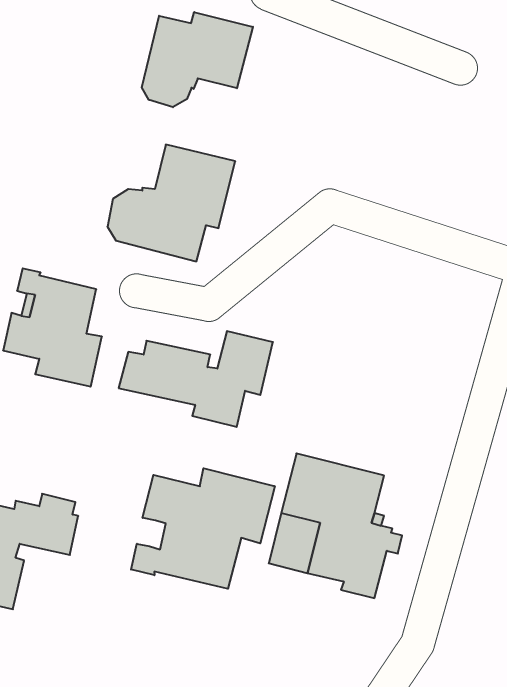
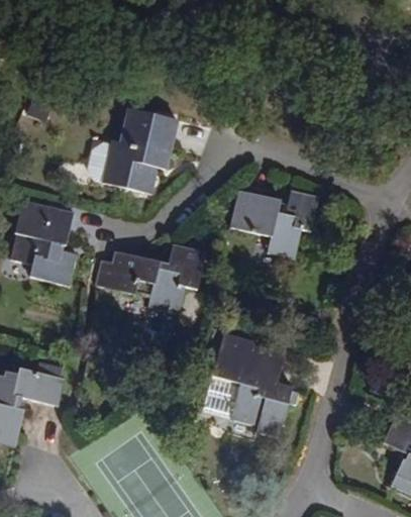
building: [142,12,253,107] -> none
building: none -> [228,190,318,260]
building: [131,468,275,589] -> none

